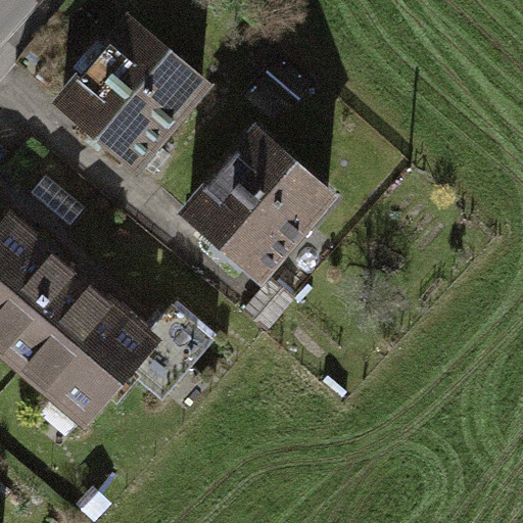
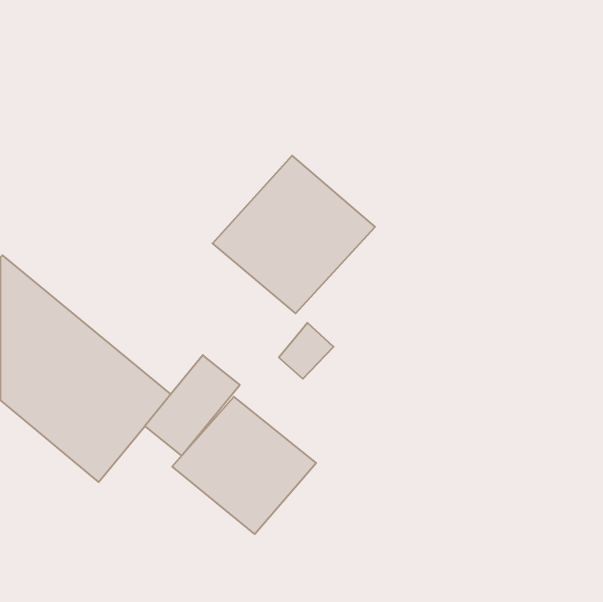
building: [58,25,199,167] -> none
building: none -> [172,397,316,534]

